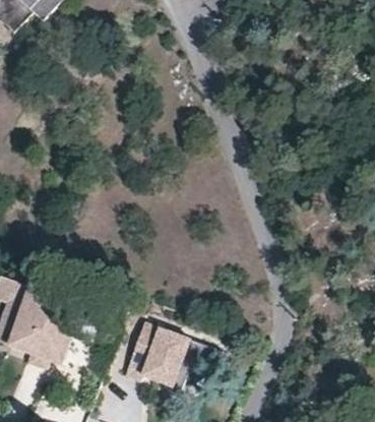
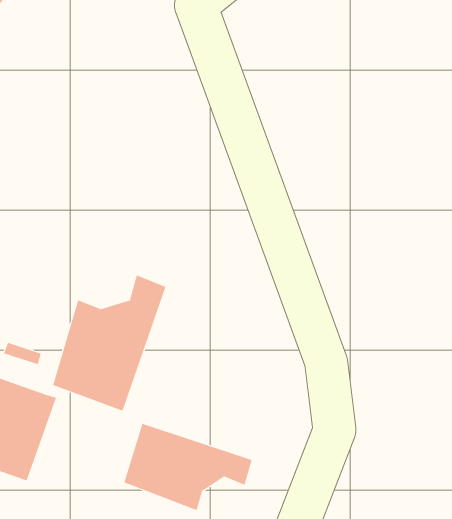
building: none -> [53,275,166,411]

